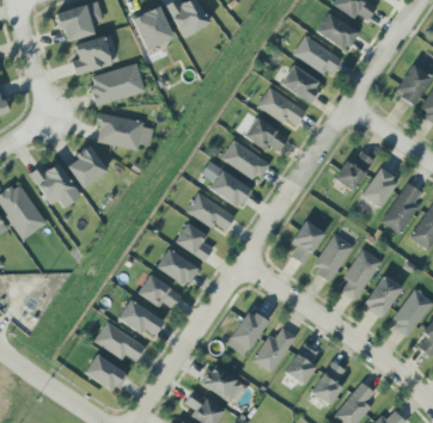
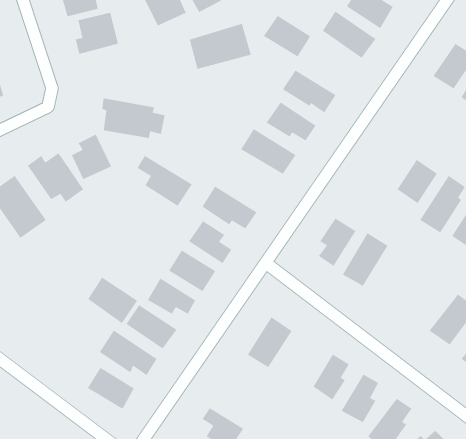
building: [90,62,146,104] -> [189,23,252,70]
building: [280,65,323,103] -> [263,15,311,57]
building: [334,152,373,191] -> none
building: [202,161,252,208] -> [137,155,193,207]
building: [342,247,382,300] -> none
building: none -> [87,276,138,324]
building: [364,274,403,317] -> none
building: [252,326,297,373] -> none
building: [201,363,243,401] -> none

